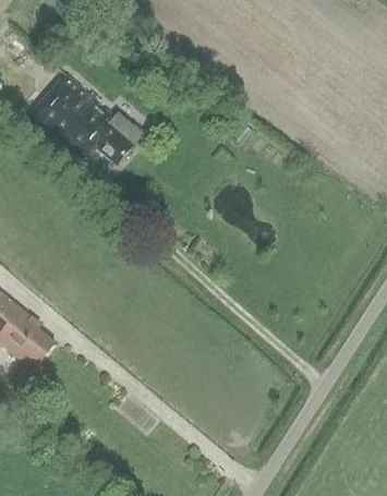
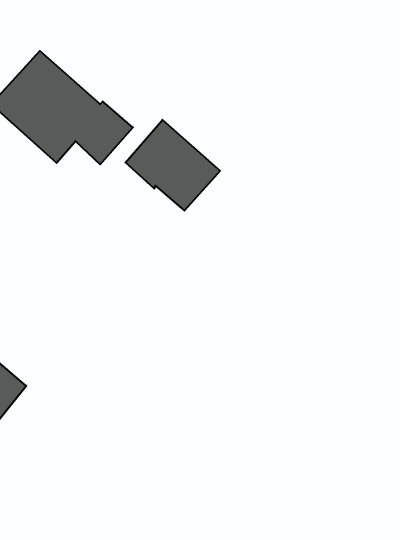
building: none -> [125,120,220,211]

